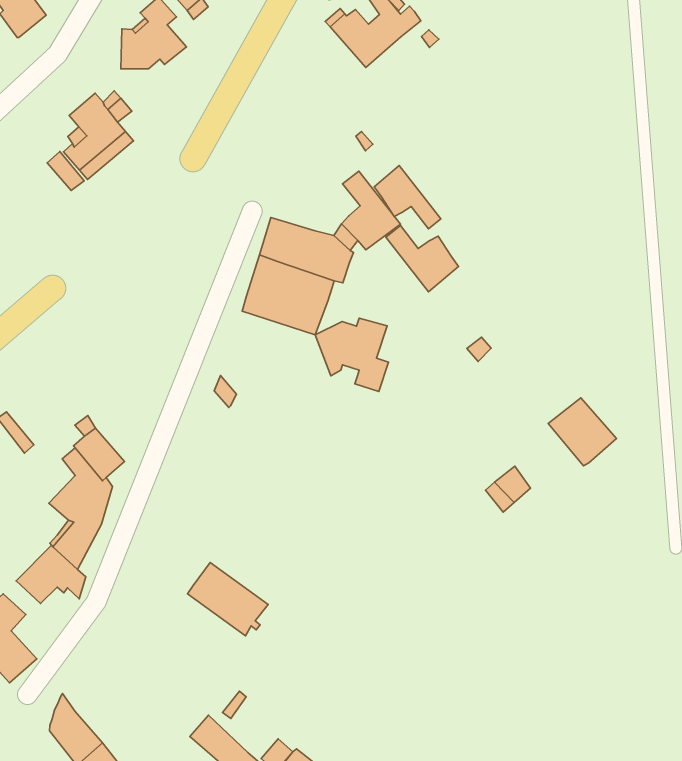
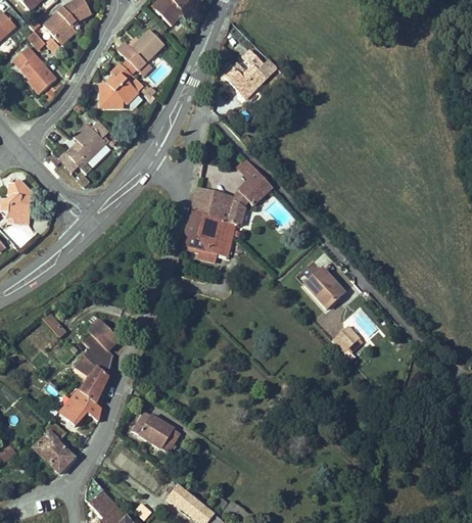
building: [374,166,441,229] -> none
building: [386,225,458,292] -> none
building: [315,318,389,392] -> none
building: [548,398,616,466] -> [303,270,344,310]
building: [187,562,268,636] -> [132,411,180,453]

